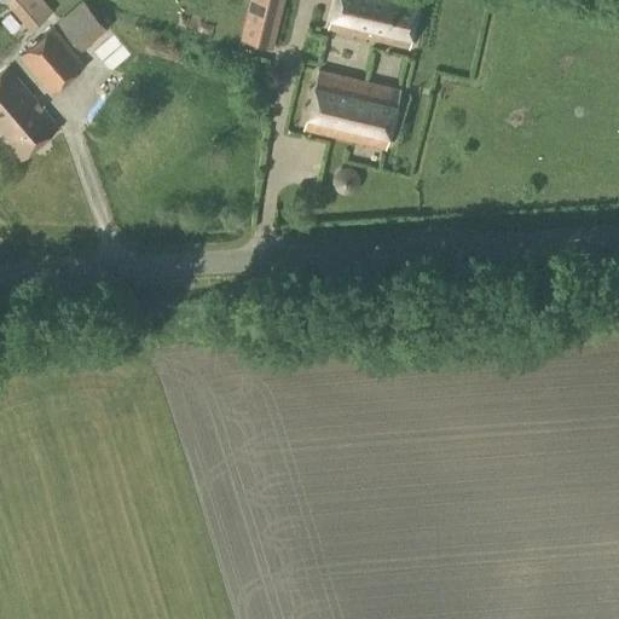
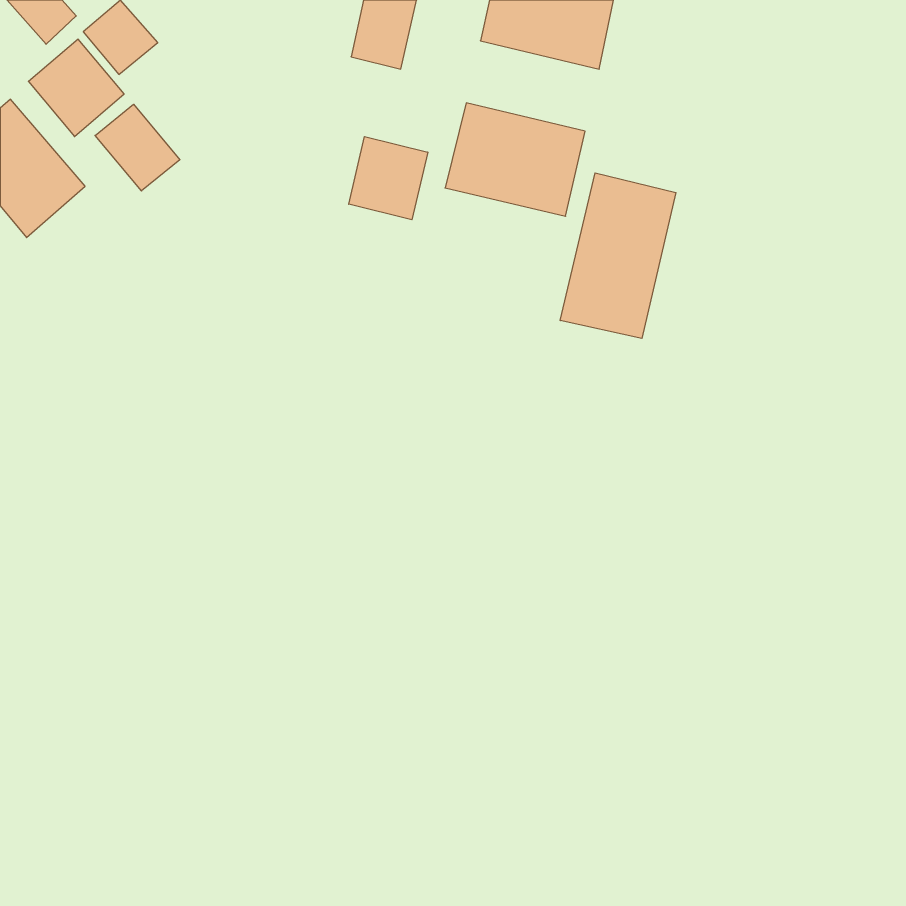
building: none -> [95,104,180,191]
building: none -> [349,137,428,220]
building: none -> [560,173,676,338]

